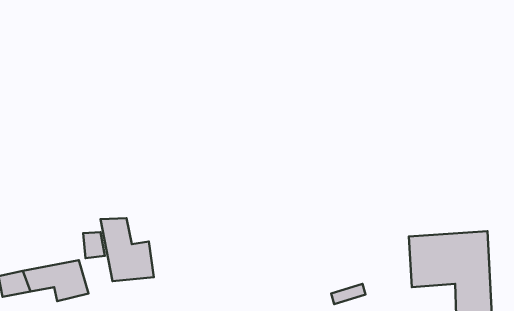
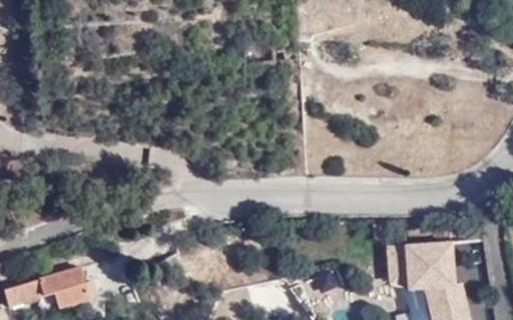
building: [100,218,154,281] -> none

